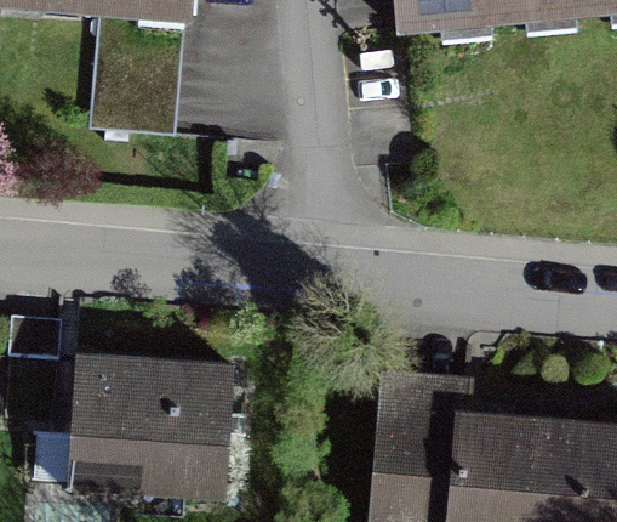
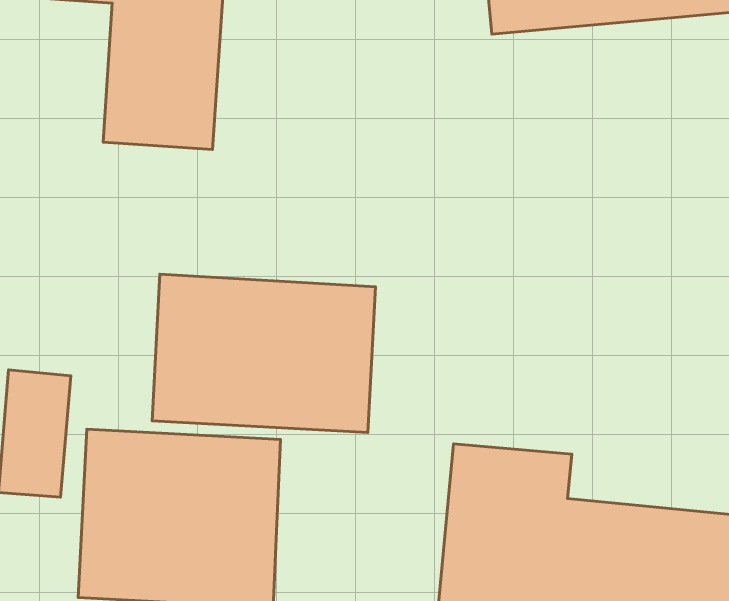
building: none -> [152,274,376,432]

